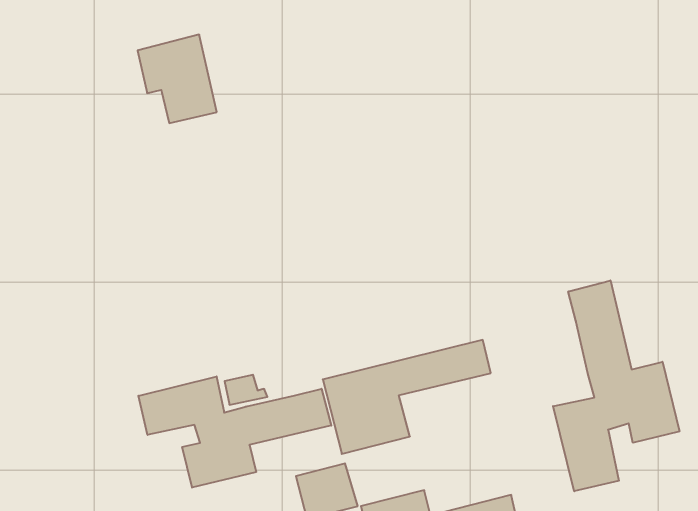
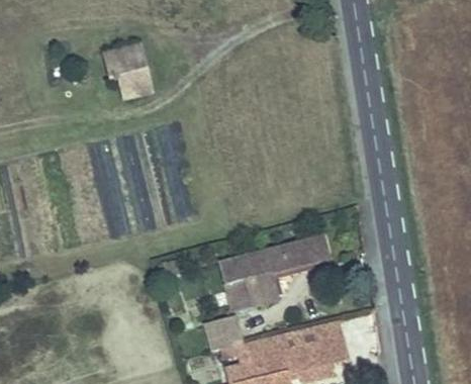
building: [553,280,679,491] -> none
building: [138,376,331,488] -> none

